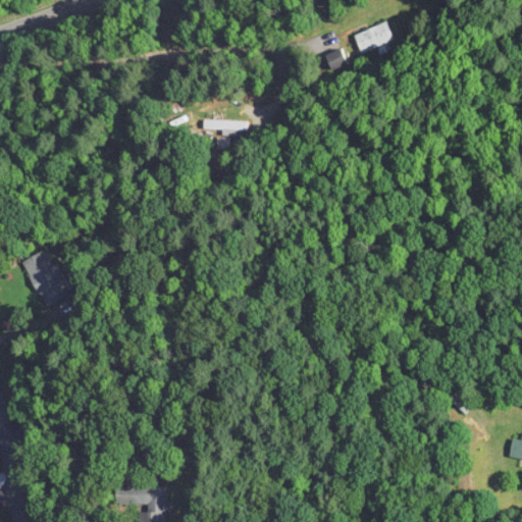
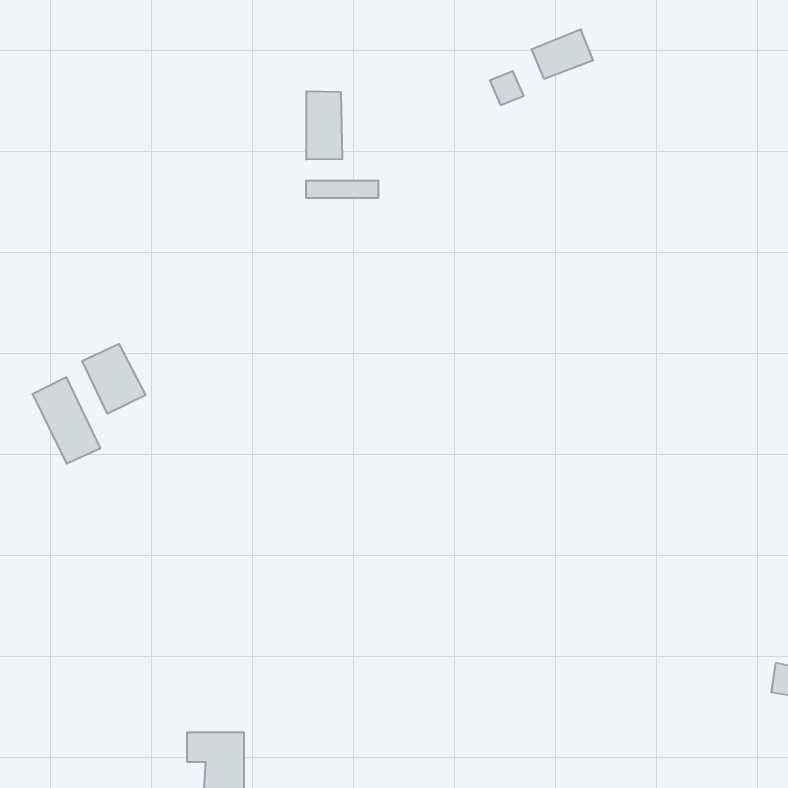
building: none -> [306,91,342,160]
building: none -> [82,344,145,414]

